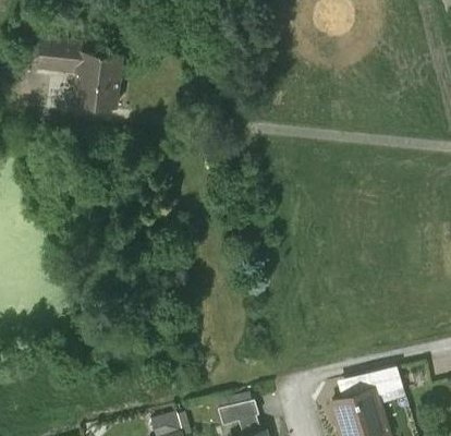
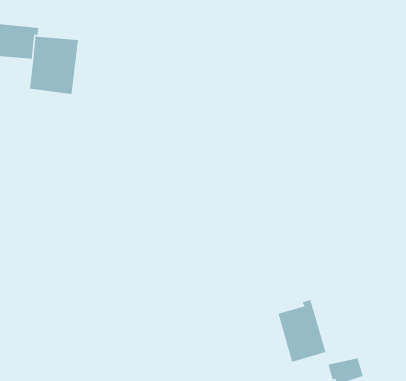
building: none -> [278,299,327,363]

